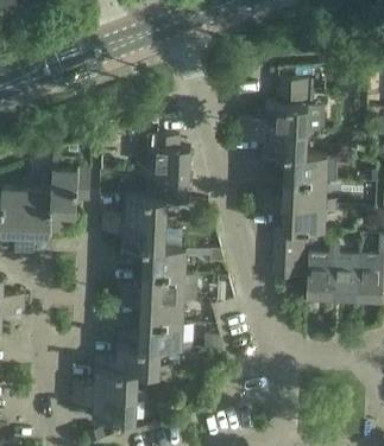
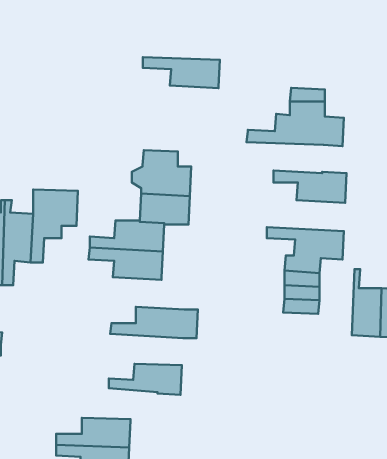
building: [240,128,308,155] -> [143,57,220,88]
building: [258,179,327,206] -> none
building: [307,240,335,298] -> none
building: [122,247,204,275] -> none
building: [120,297,184,324] -> none
building: [95,344,162,374] -> none

